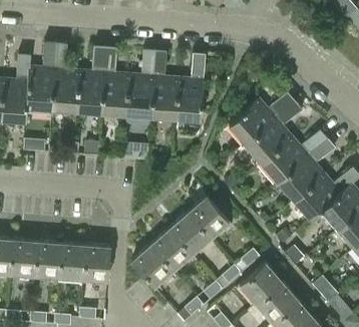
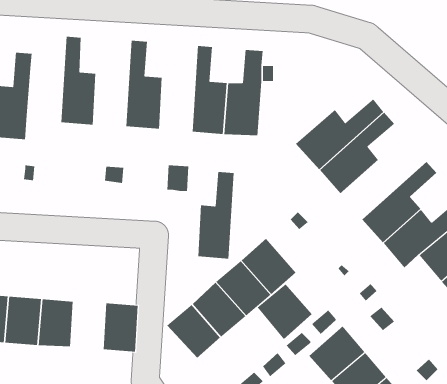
building: [25,42,54,108] -> none
building: [75,45,103,111] -> none
building: [125,49,153,115] -> [197,172,235,259]
building: [262,127,327,182] -> none
building: none -> [257,284,313,340]
building: [58,244,84,280] -> none

